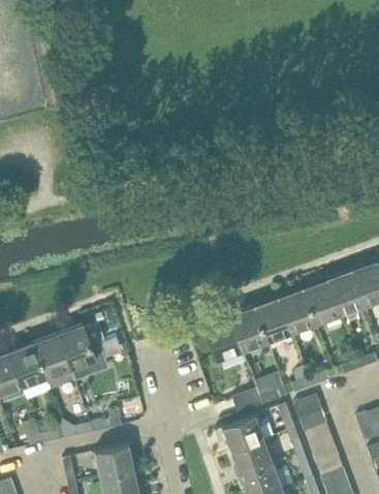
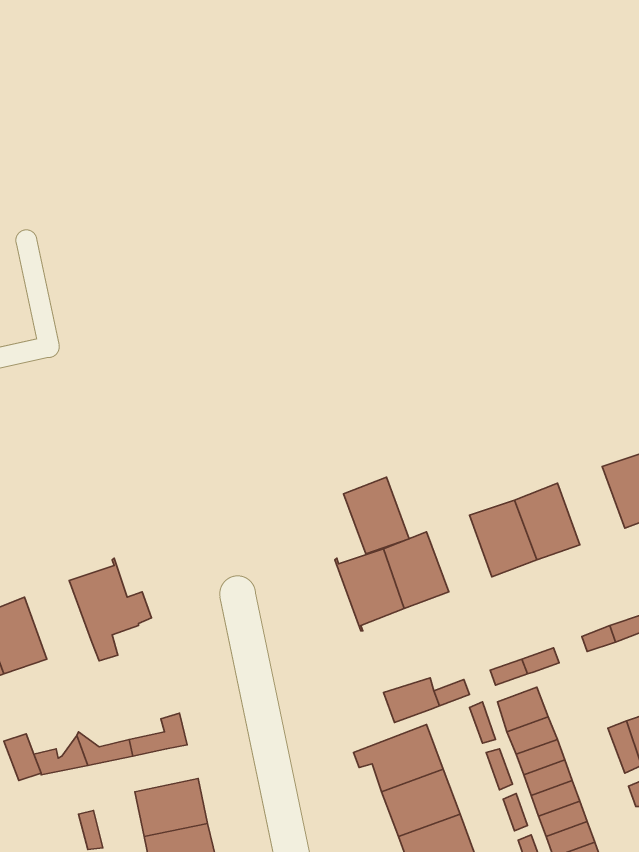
building: [327,272,365,315] -> none
building: [255,299,291,341] -> [344,477,409,554]
building: [33,335,75,391] -> none

